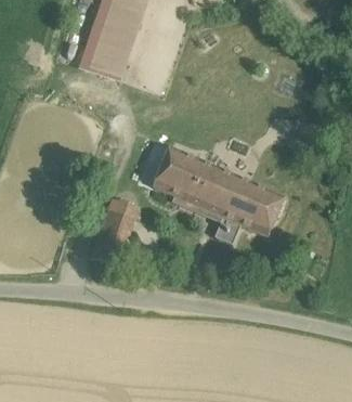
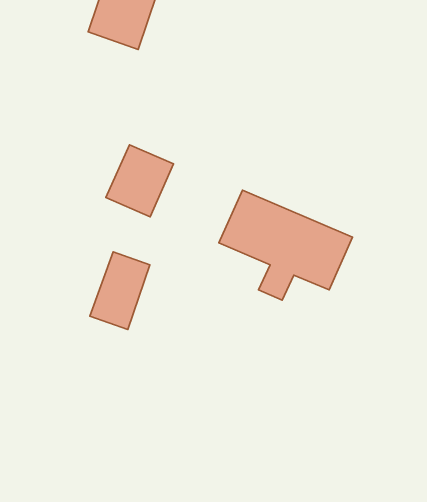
building: [81,43,126,77] -> none
building: [153,146,203,199] -> [106,145,174,217]

